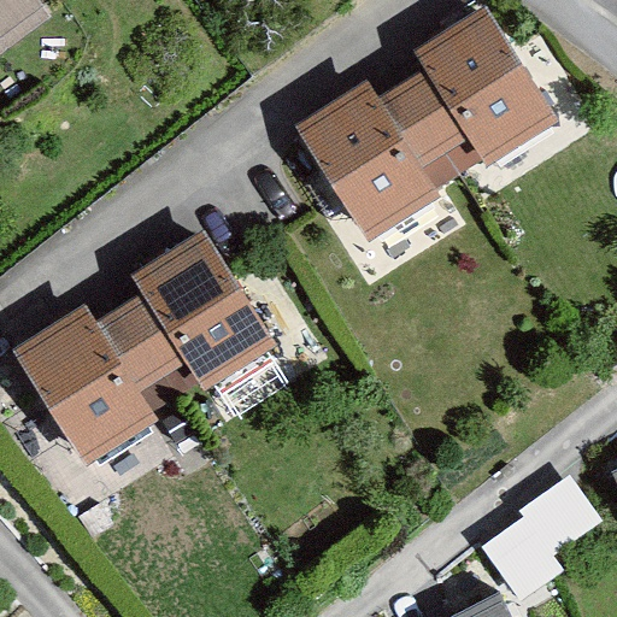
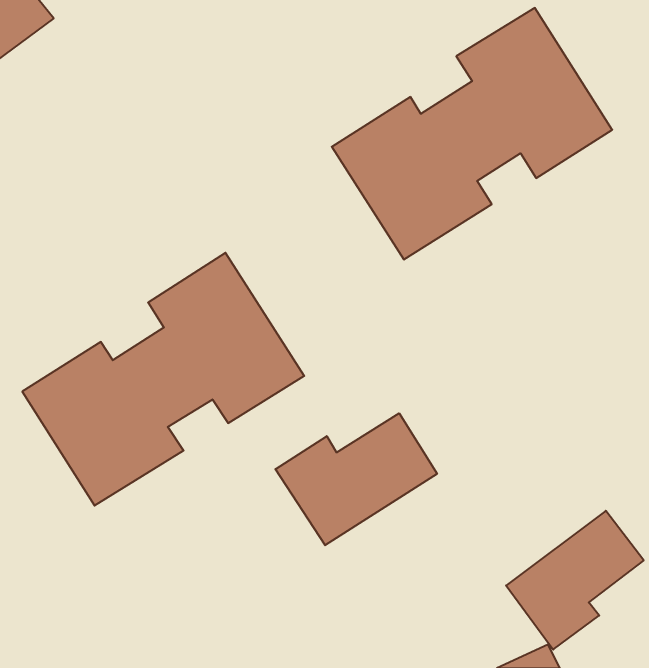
building: none -> [275,413,437,545]

